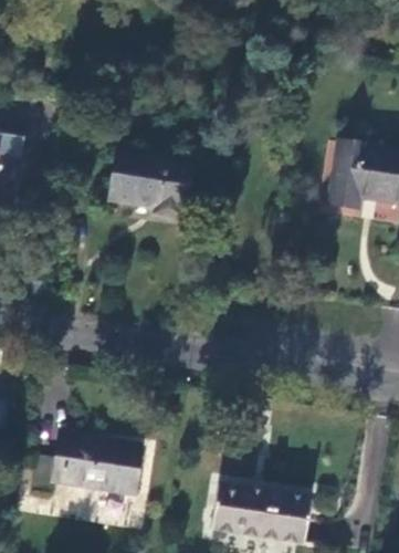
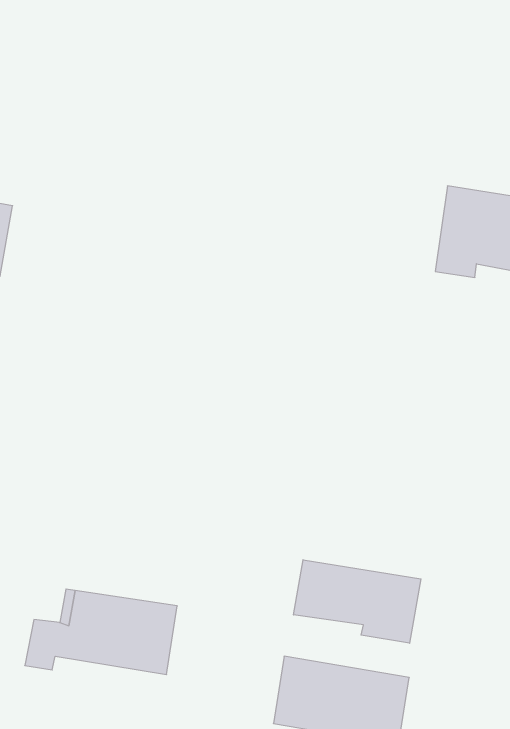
building: [112,153,188,216] -> none
building: none -> [294,560,421,643]

